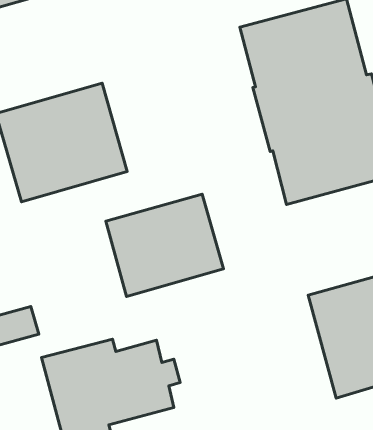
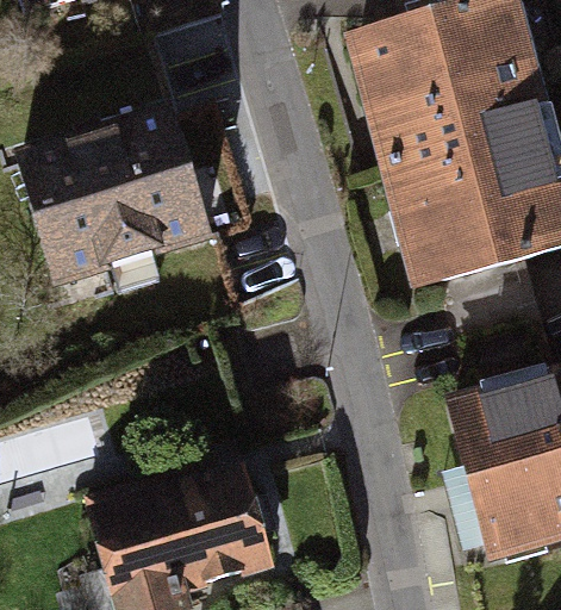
building: [106,194,224,297] -> none

